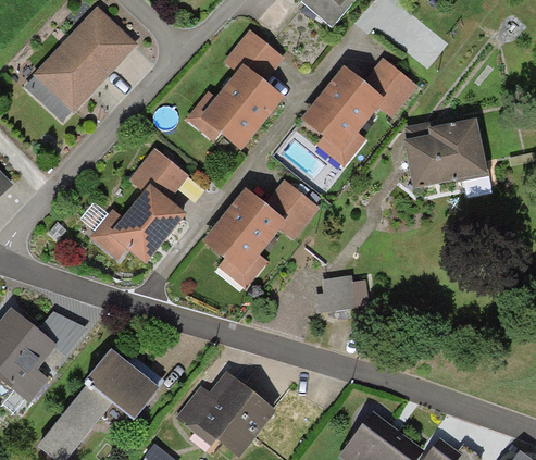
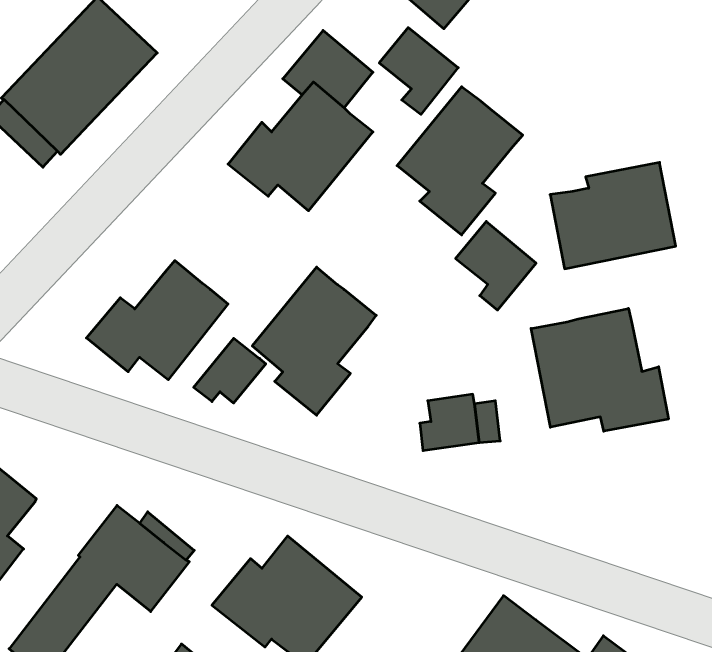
building: [363,58,416,116] -> [379,28,458,114]
building: [128,148,188,199] -> none
building: [264,178,319,238] -> [456,221,536,310]
building: none -> [531,308,668,431]
building: none -> [194,338,266,403]
building: [38,311,87,355] -> none

